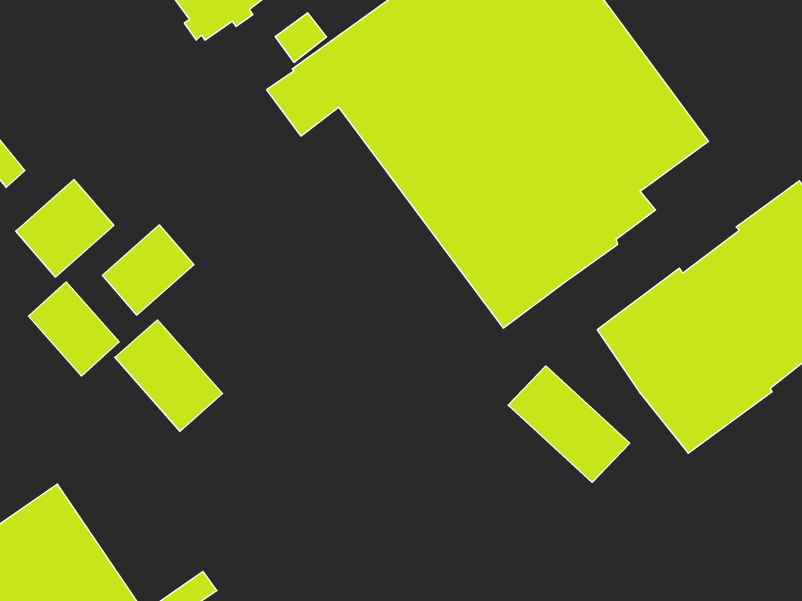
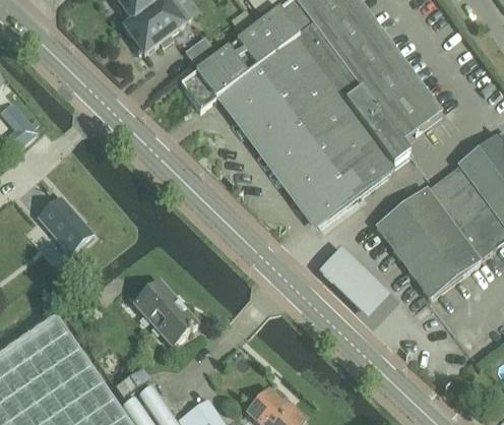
building: [16,180,114,277] -> none
building: [102,225,194,315] -> none
building: [115,320,223,431] -> [133,281,197,347]

